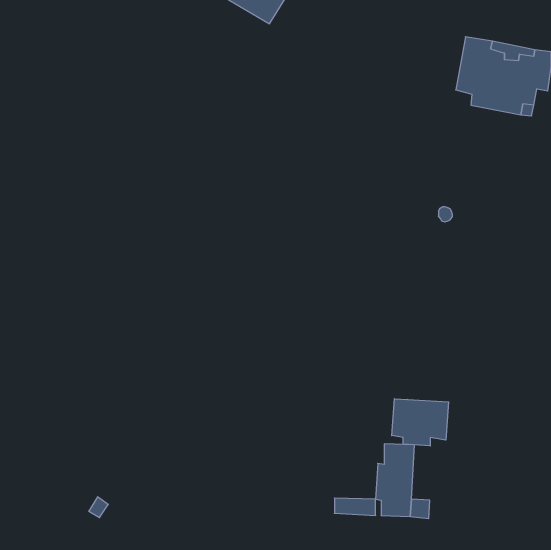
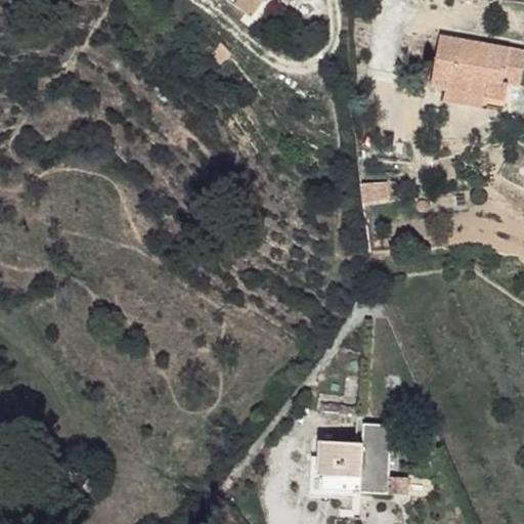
building: [392,399,449,446] -> none
building: none -> [316,436,357,472]

